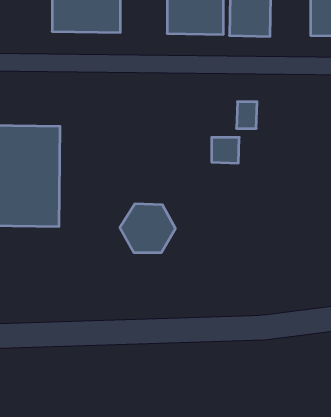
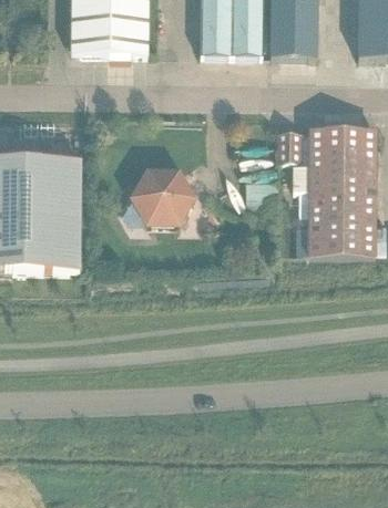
building: none -> [308,129,376,252]
building: [120,204,175,252] -> [131,169,193,224]

